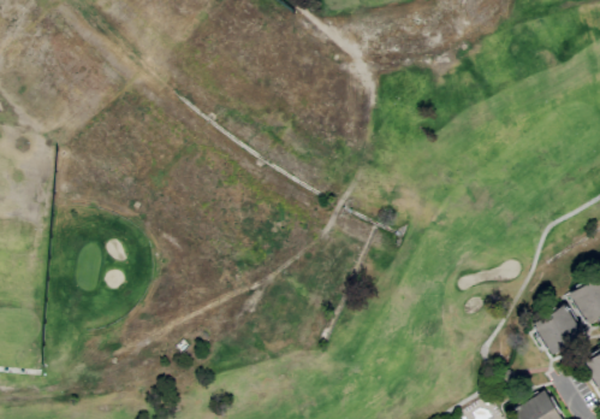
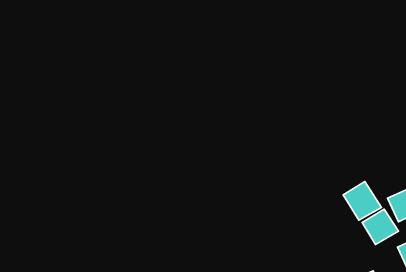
building: none -> [343,181,381,220]

